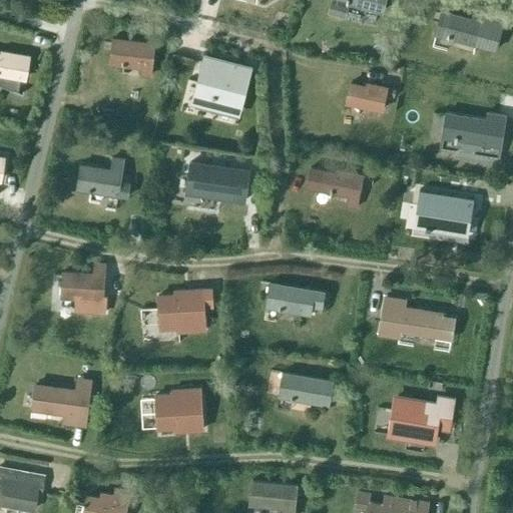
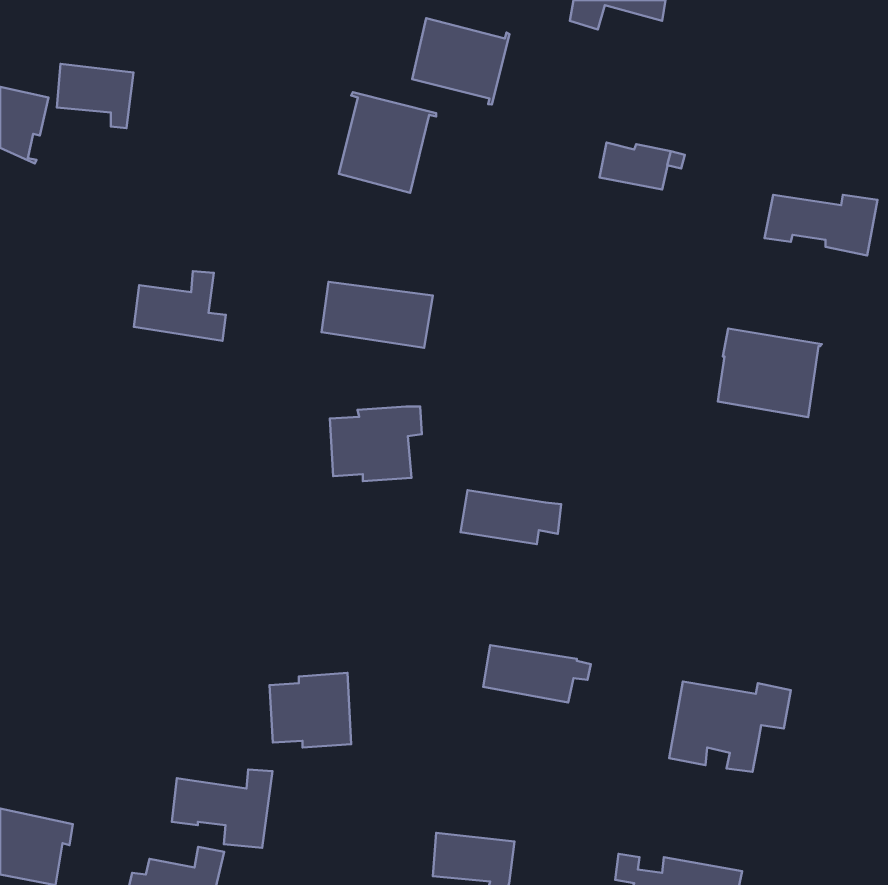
building: [435,7,505,52] -> none
building: none -> [412,18,510,105]
building: [110,40,154,77] -> [57,64,133,128]
building: [306,169,363,209] -> none
building: [61,265,105,315] -> none
building: [158,291,211,334] -> [330,406,422,481]
building: [378,300,454,341] -> none
building: [32,381,90,426] -> [172,770,273,848]

